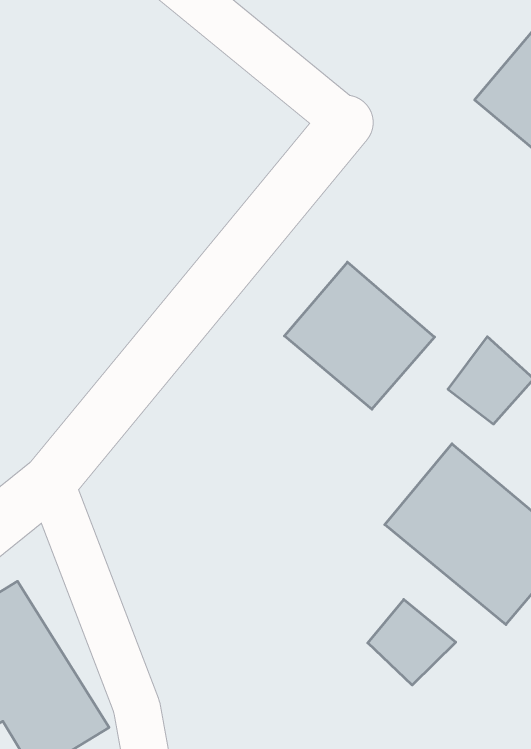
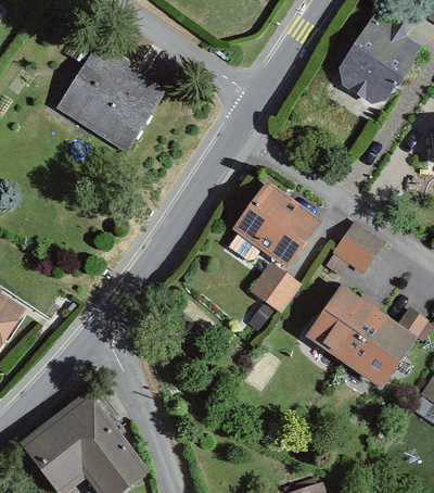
building: none -> [61,47,167,151]
building: none -> [253,263,299,312]
building: [368,599,456,685] -> none

